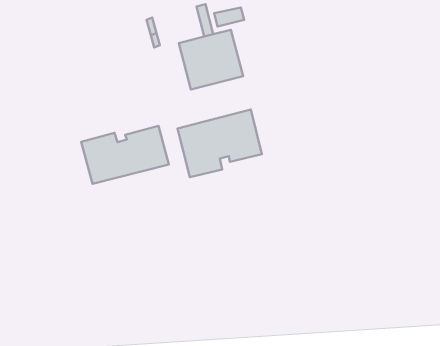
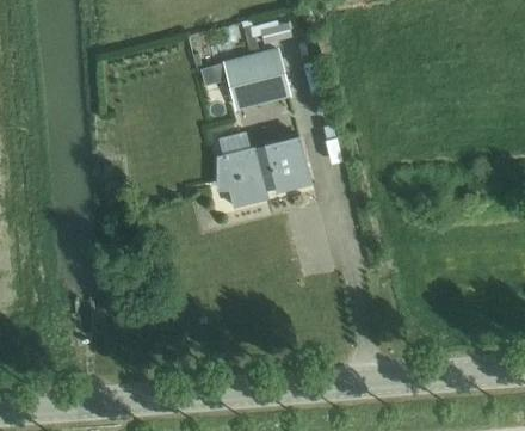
building: [81,126,169,184] -> none

